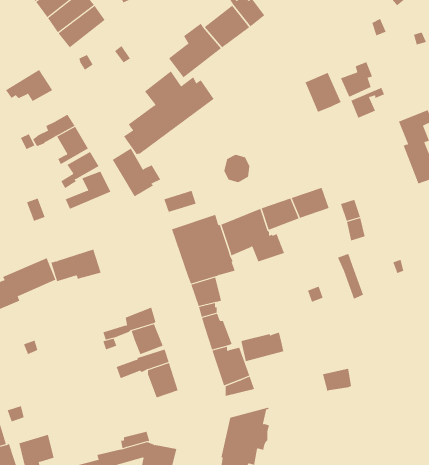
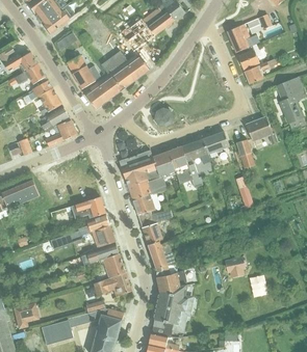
building: [304,72,341,112] -> [227,23,253,51]
building: none -> [8,63,48,85]
building: [112,148,161,197] -> [67,54,101,88]
building: none -> [247,116,278,144]
building: [51,249,101,282] -> [71,196,106,219]
building: [241,332,284,362] -> [157,270,187,291]
building: none -> [95,272,131,296]

